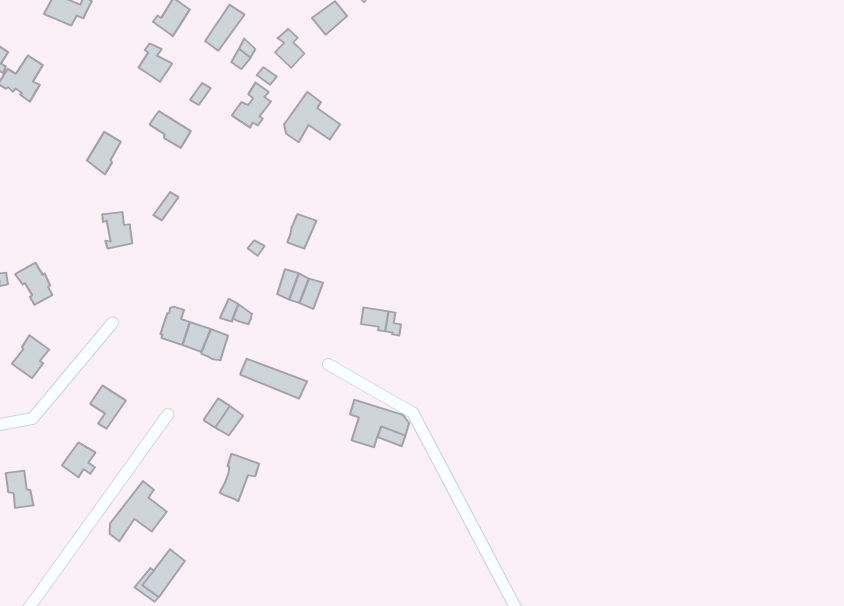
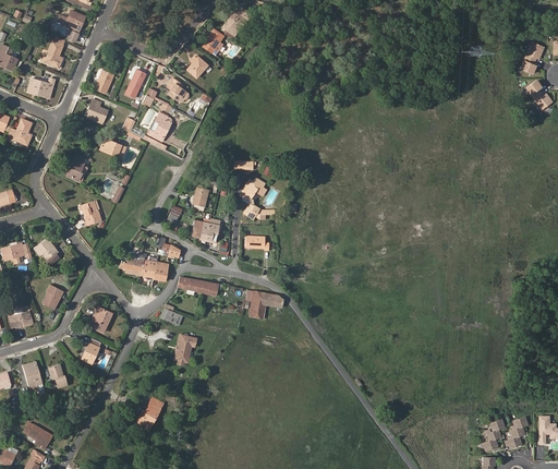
building: [284,92,340,142] -> none
building: none -> [241,178,266,220]
building: [110,481,167,541] -> none

